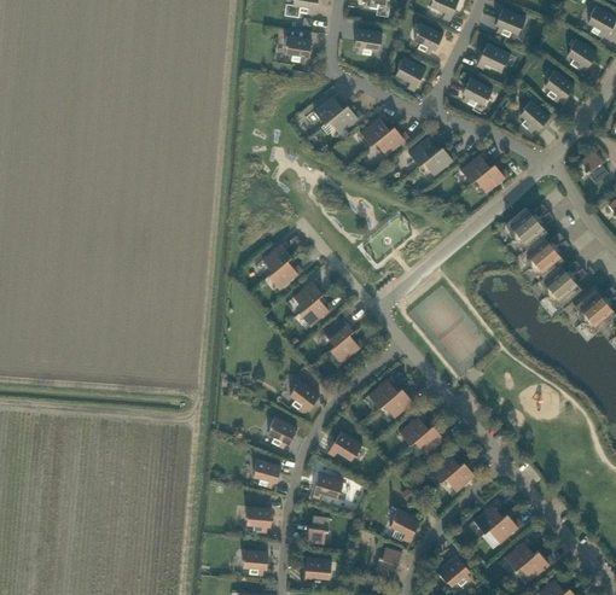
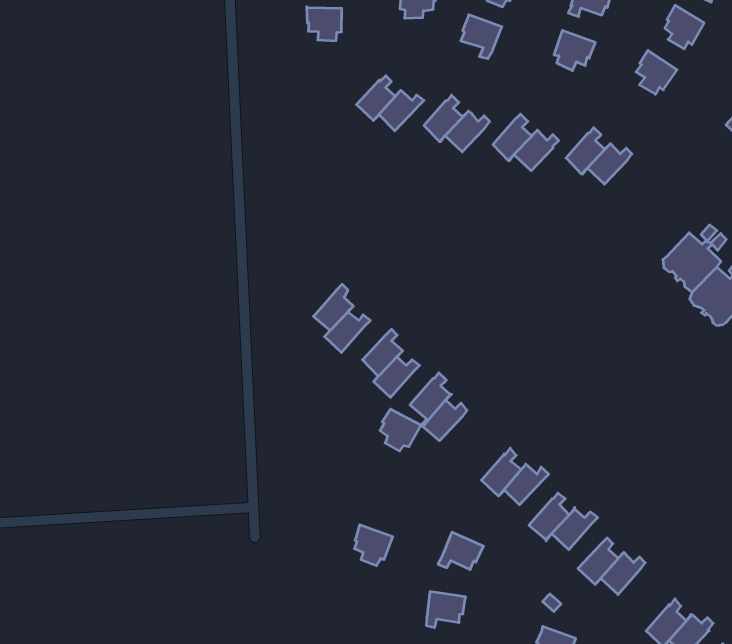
building: [504,204,552,252] -> none
building: [290,380,320,412] -> [380,409,421,451]
building: [254,459,281,488] -> none

